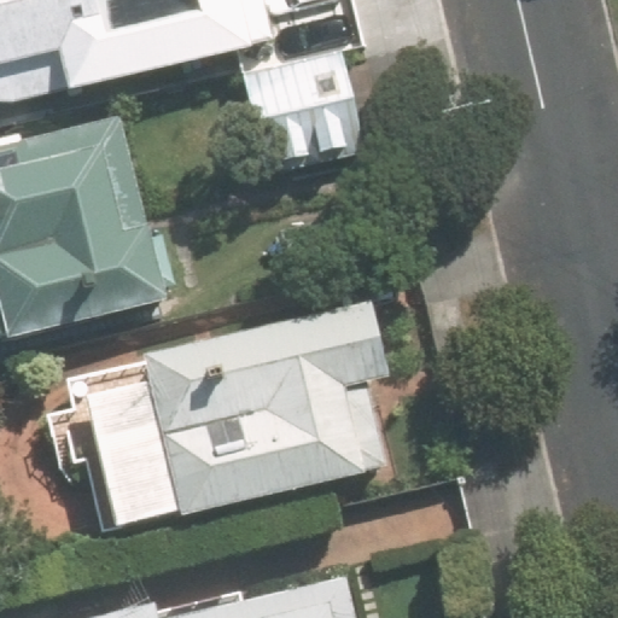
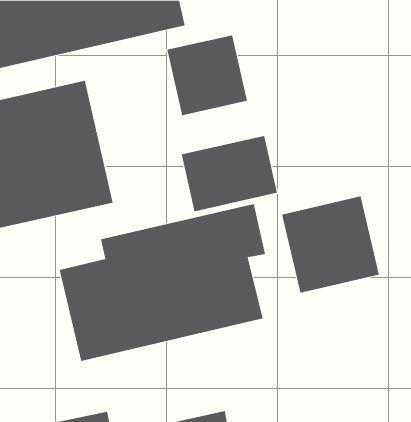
building: none -> [181,135,278,212]
building: none -> [282,196,379,294]

